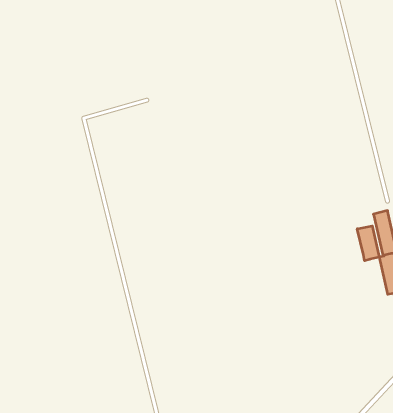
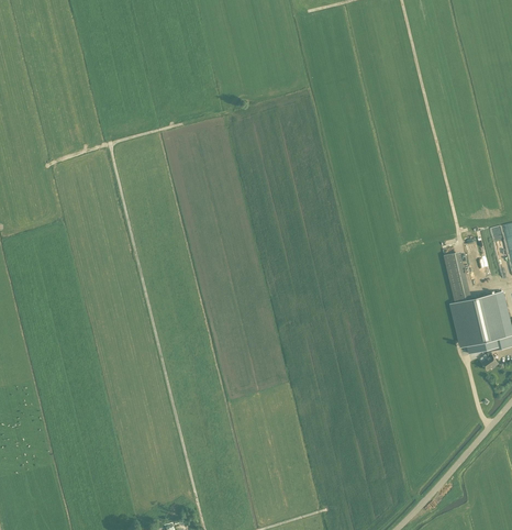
building: [357,226,379,261] -> none

